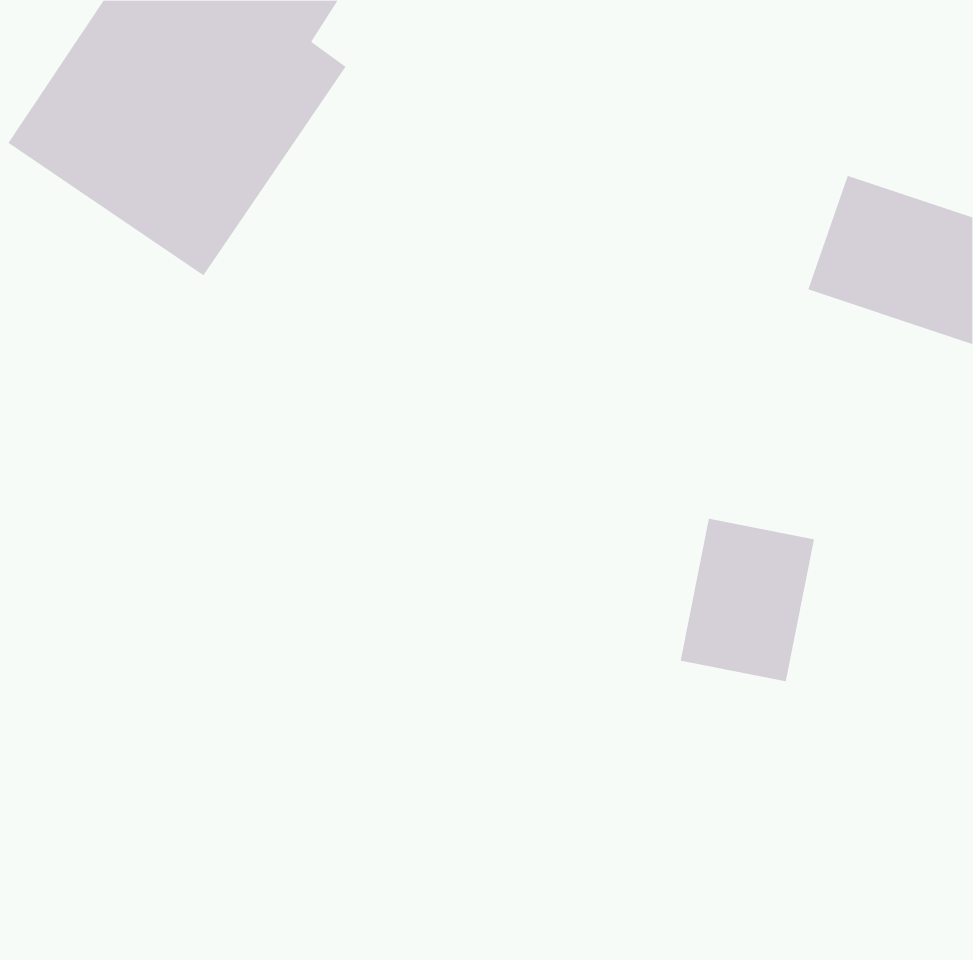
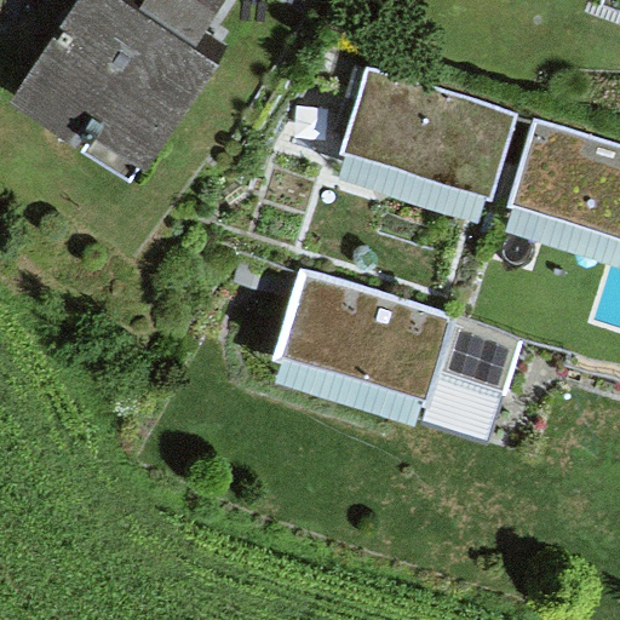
building: none -> [345,73,516,191]
building: none -> [282,270,450,390]

